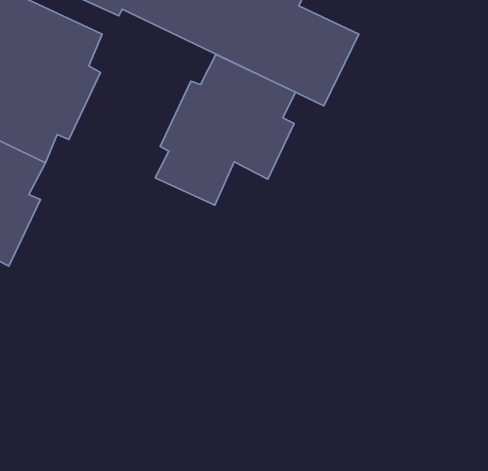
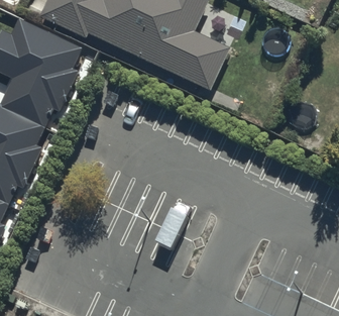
building: [155,55,295,205] -> none

